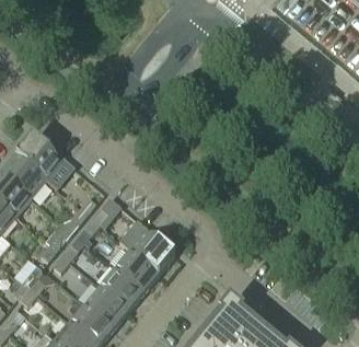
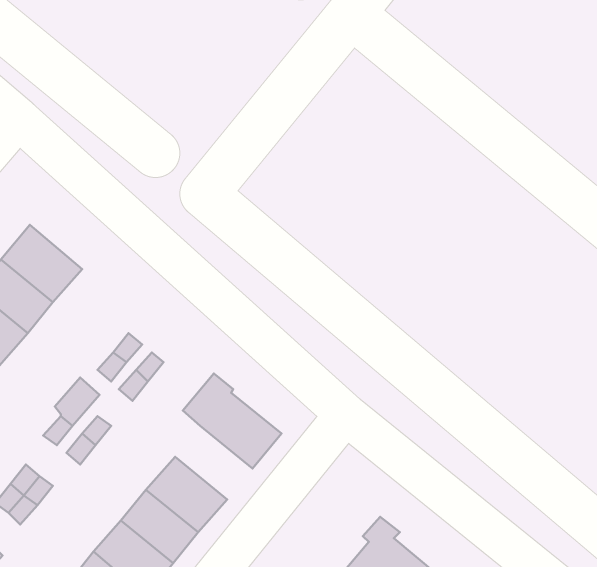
building: [115,248,159,290] -> none

